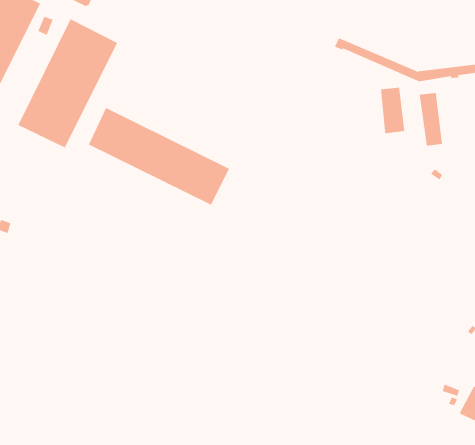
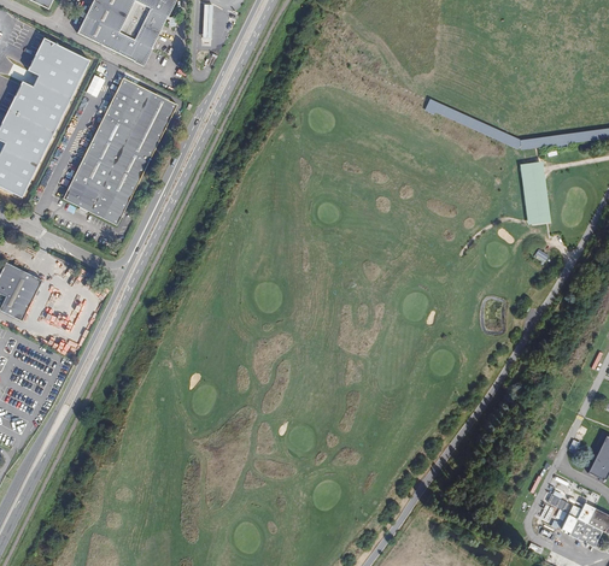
building: [380,87,405,134] -> none
building: [88,107,230,205] -> none

